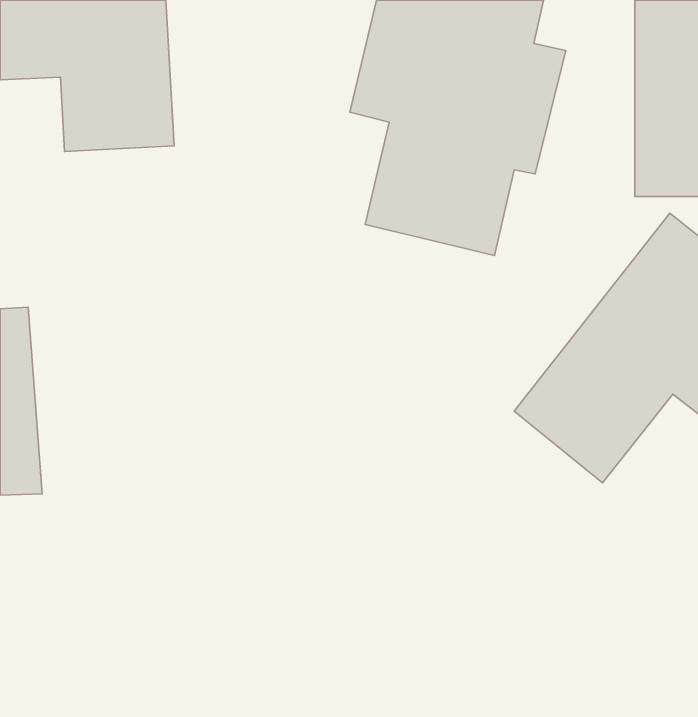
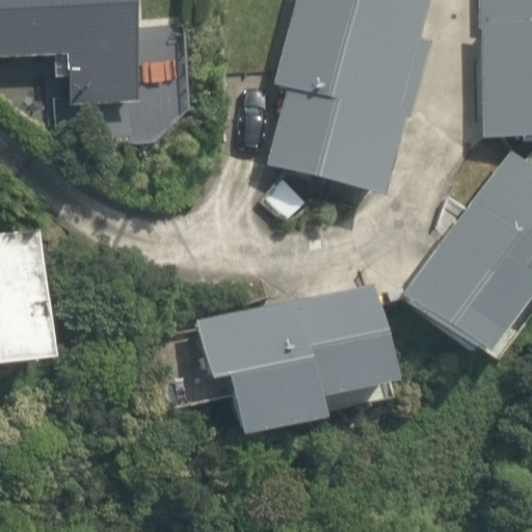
building: none -> [194,285,385,431]

